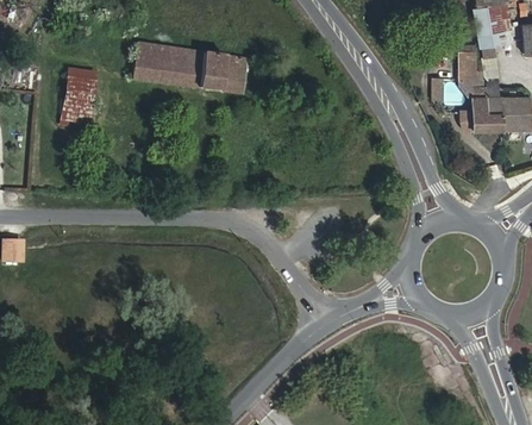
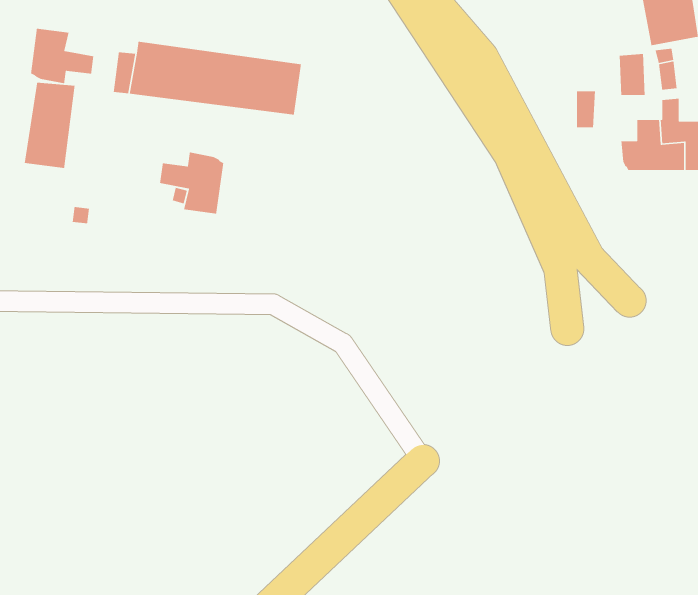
building: none -> [30,28,94,84]
building: none -> [159,151,224,215]

